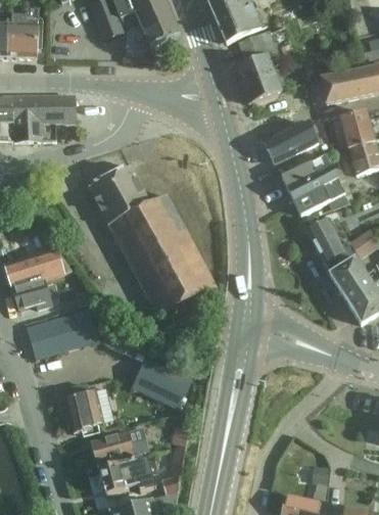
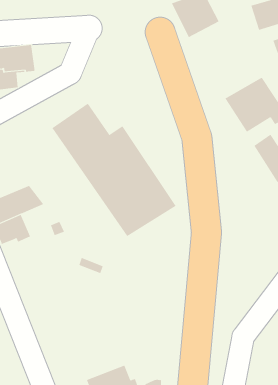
building: [260,121,319,165] -> none
building: [26,308,98,359] -> none
building: [132,356,191,408] -> none
building: [63,381,101,435] -> none
building: [91,426,150,464] -> none

